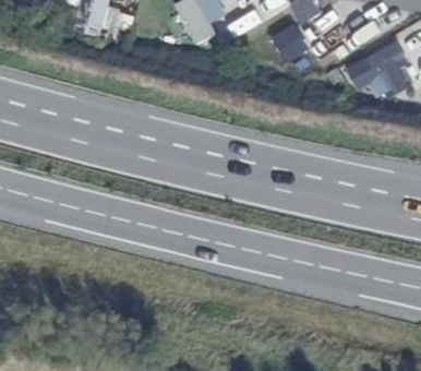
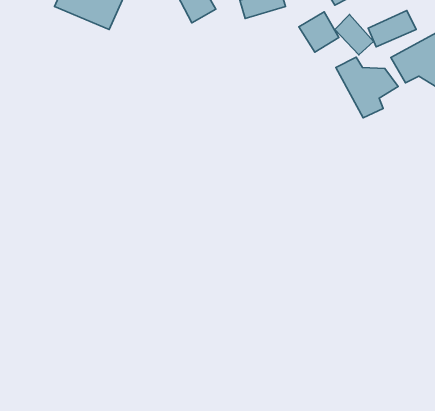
building: none -> [336,57,398,118]

